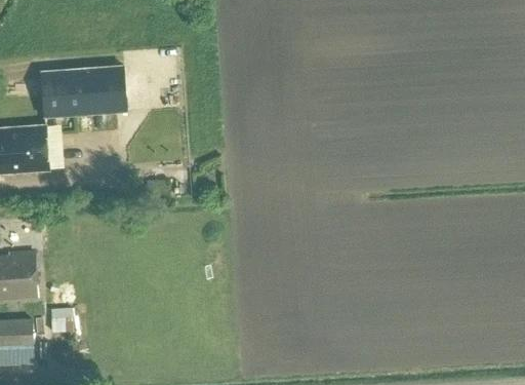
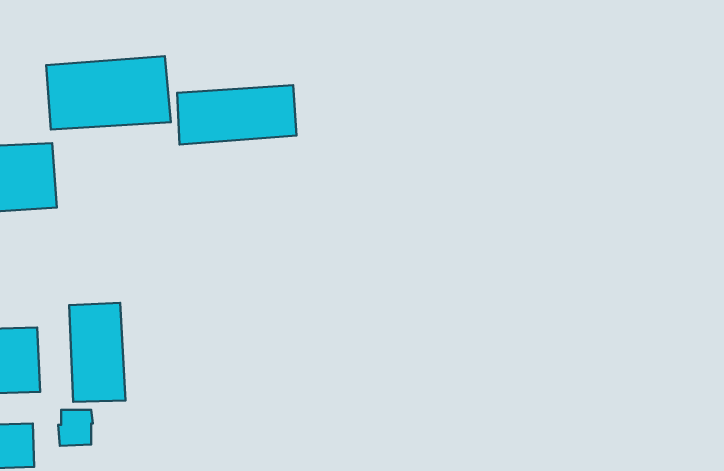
building: none -> [177,85,297,144]
building: none -> [69,303,125,402]

